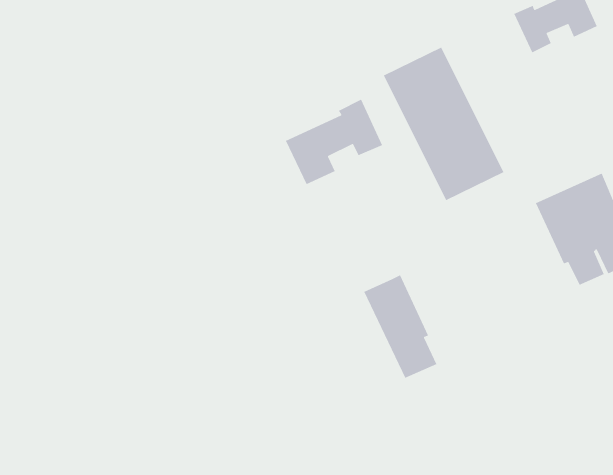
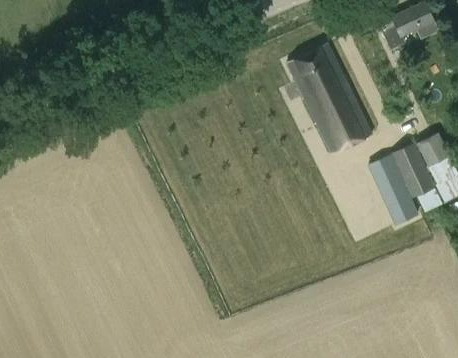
building: [285,99,383,185] -> none
building: [363,274,438,379] -> [367,153,419,226]

